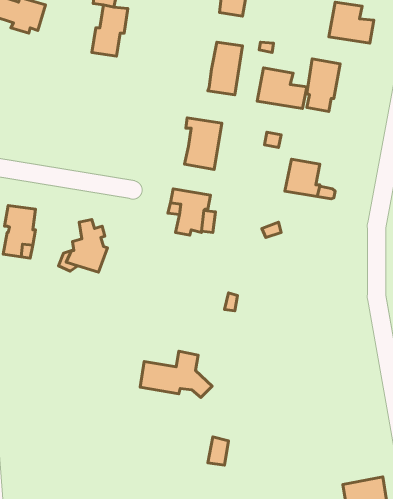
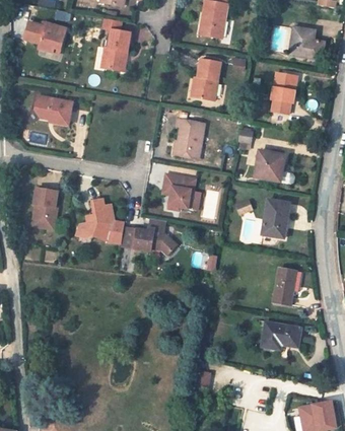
building: [257,68,307,109] -> none
building: none -> [34,98,71,125]
building: none -> [262,200,289,237]
building: none -> [272,268,296,305]
building: [140,351,212,398] -> [120,218,177,255]
building: none -> [261,322,300,349]

